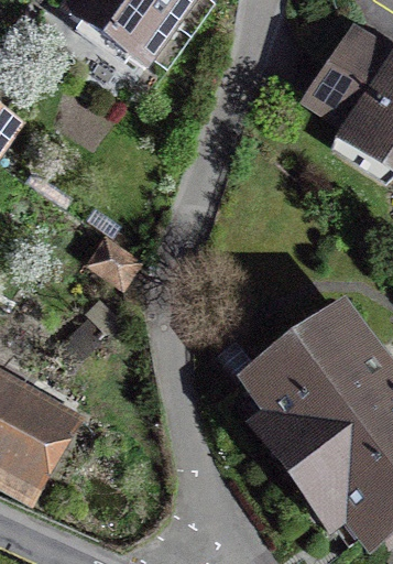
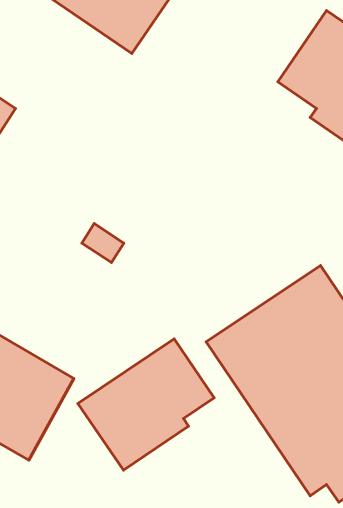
building: none -> [78,339,214,470]

